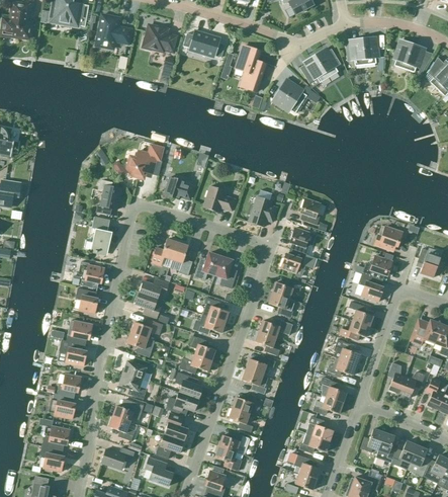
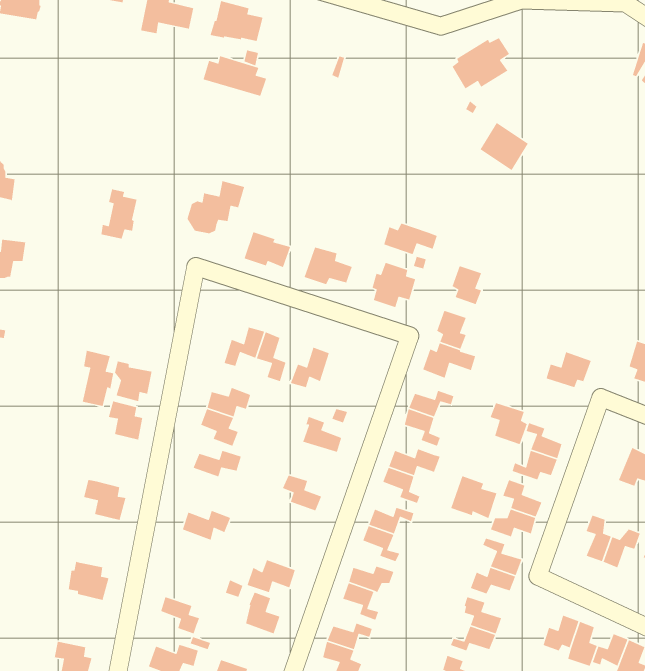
building: [183,29,226,57] -> [202,55,267,97]
building: [346,37,376,66] -> none
building: [394,42,423,72] -> none
building: [235,47,262,91] -> none
building: [274,81,306,113] -> [479,122,529,171]
building: none -> [383,223,438,255]
building: [96,181,120,215] -> [101,189,138,239]
building: [91,217,112,254] -> [82,350,114,407]
building: [374,226,402,251] -> none
building: [214,256,236,288] -> none
building: [358,273,383,302] -> [489,402,528,445]
building: [193,315,226,334] -> none
building: [67,321,92,344] -> none
building: [126,332,155,357] -> none
building: none -> [450,475,498,519]
building: [179,354,211,374] -> none
building: [119,372,147,399] -> none
building: [175,372,202,399] -> none
building: [57,374,81,397] -> none
building: [112,401,144,422] -> none
building: [41,425,70,449] -> none
building: [156,434,184,459] -> none

